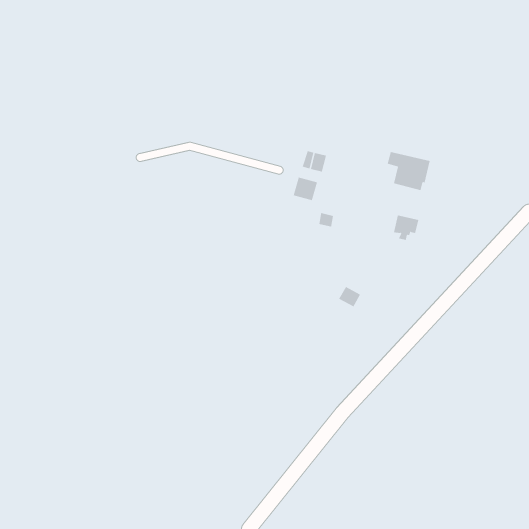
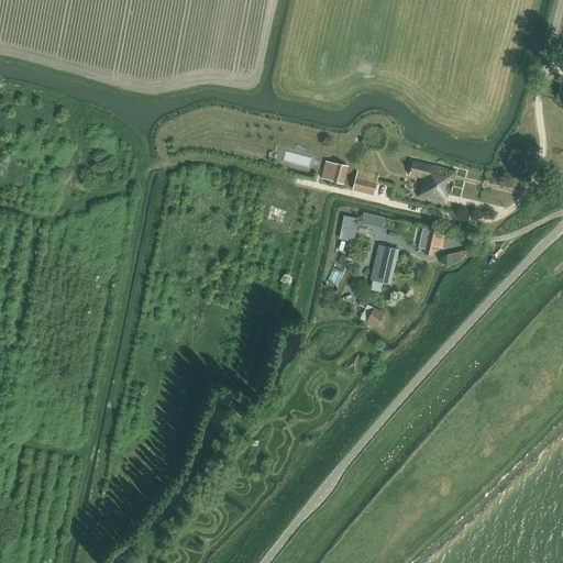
building: [293,177,318,201] -> [351,169,377,195]
building: none -> [372,245,395,280]

